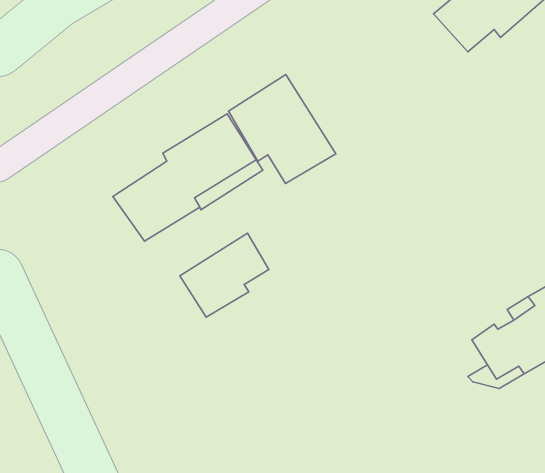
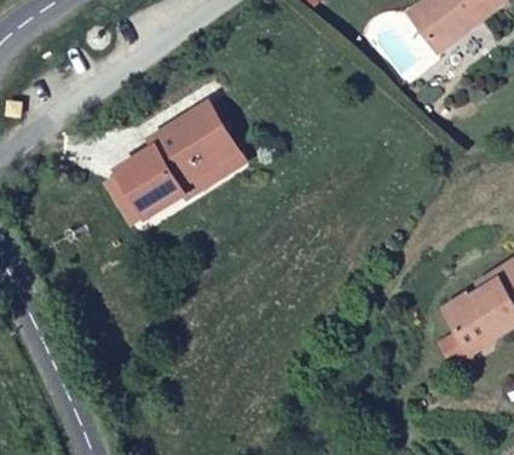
building: [228,74,336,184] -> none
building: [180,233,269,317] -> none

